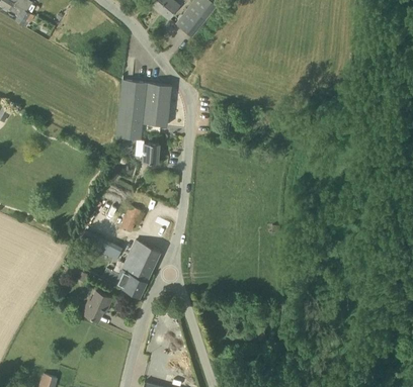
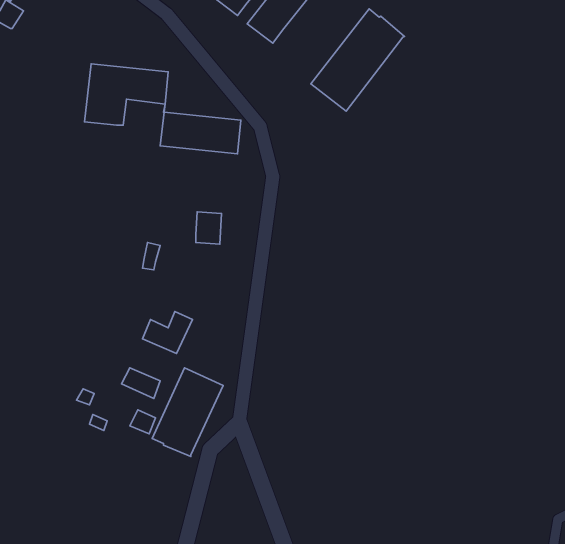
building: none -> [311,9,405,111]
building: [116,101,169,139] -> [85,64,168,125]
building: [84,290,112,321] -> none

